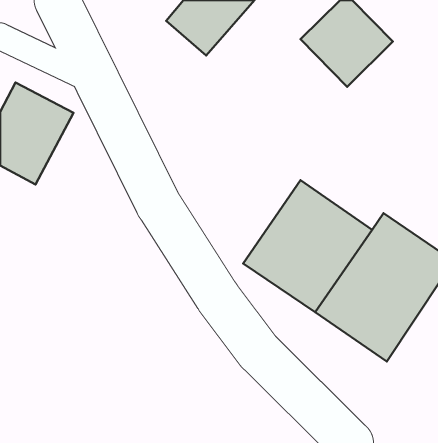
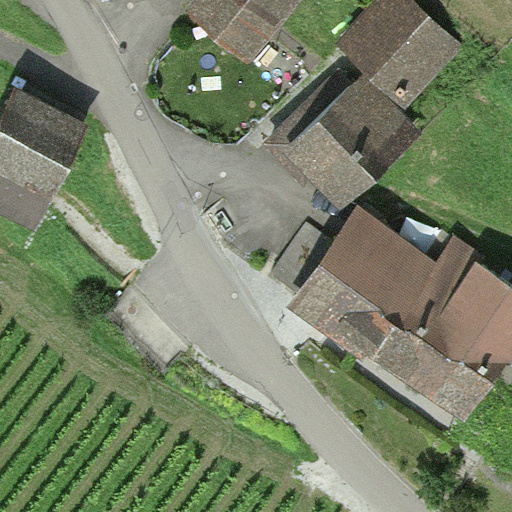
building: none -> [278,75,413,202]

